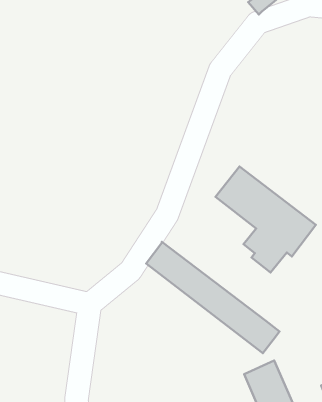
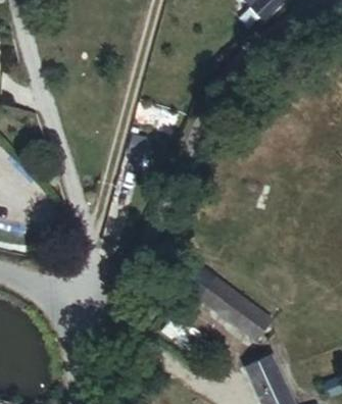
building: [216,167,316,273] -> none

